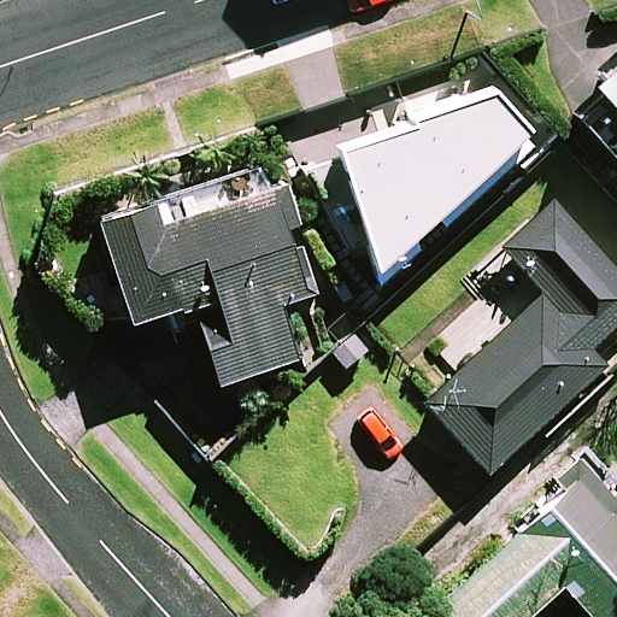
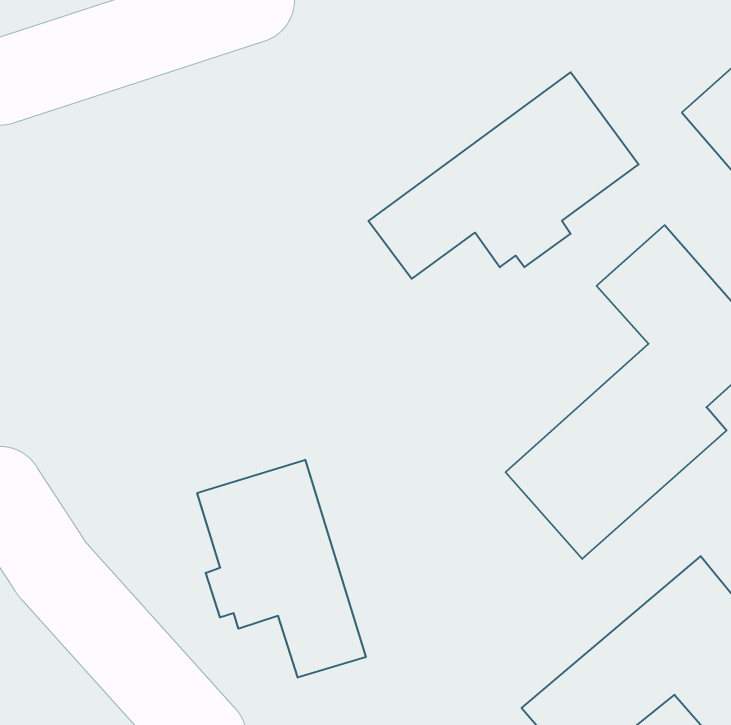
building: [101,166,311,387] -> none
building: none -> [197,460,366,678]

